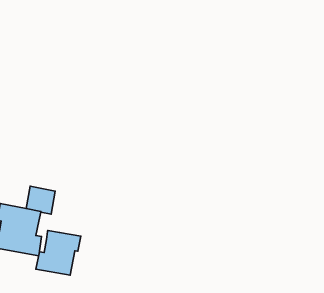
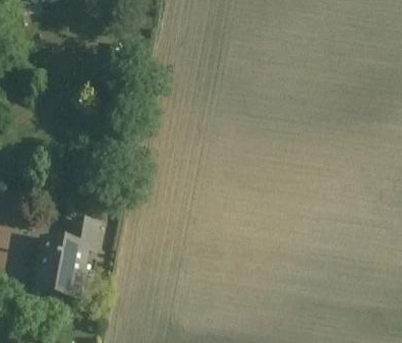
building: [36,231,81,275] -> none

